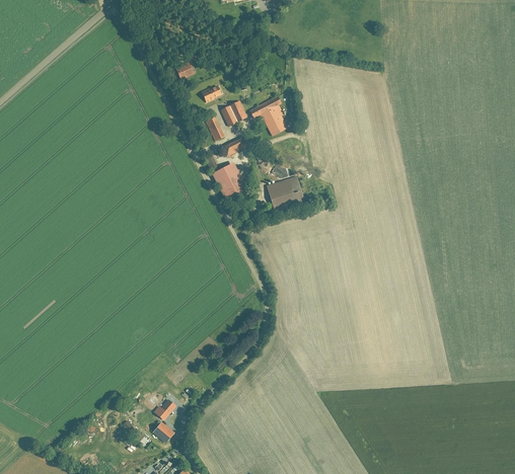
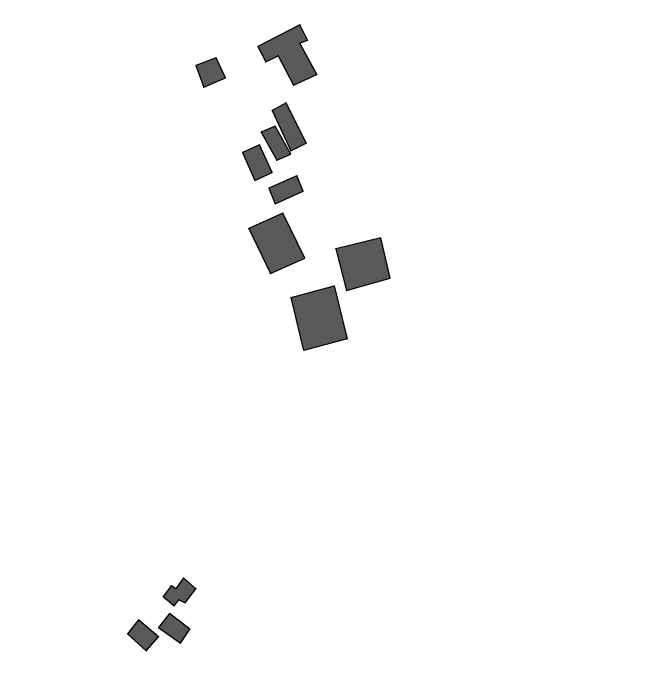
building: [249,95,288,135] -> [258,25,317,85]
building: none -> [291,286,347,350]

